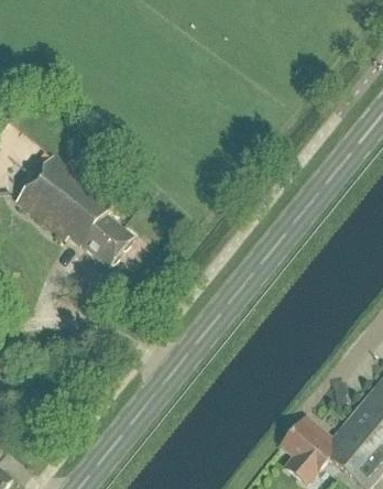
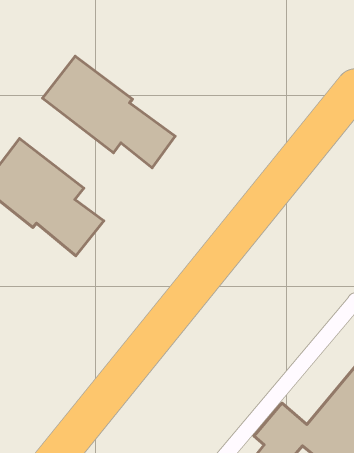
building: none -> [43,56,175,168]

